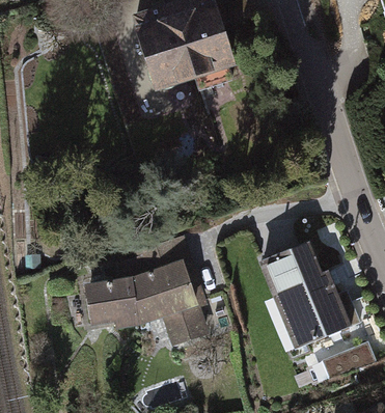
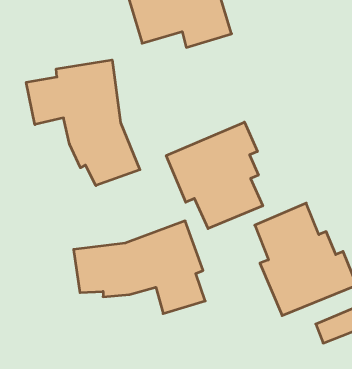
building: none -> [26,60,140,186]
building: none -> [166,122,263,229]

